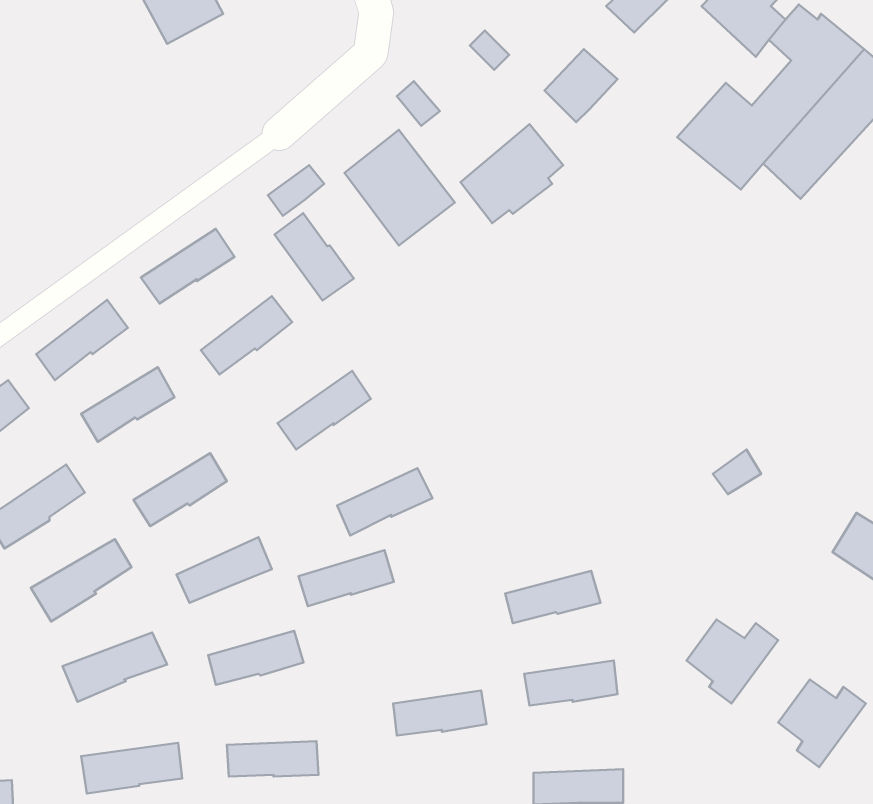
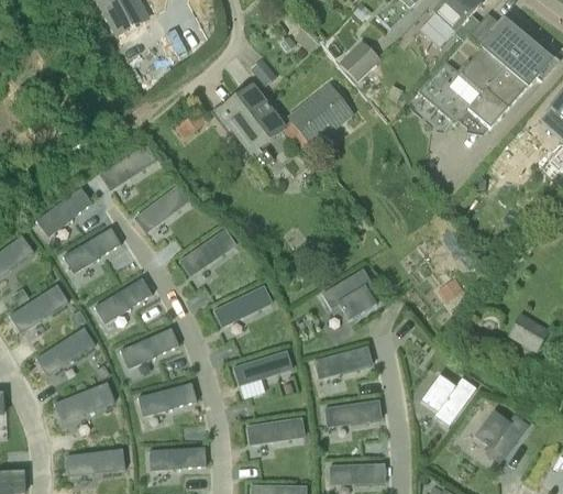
building: [274,213,354,300] -> none
building: none -> [322,270,376,319]
building: [298,550,394,606] -> [234,351,290,384]

